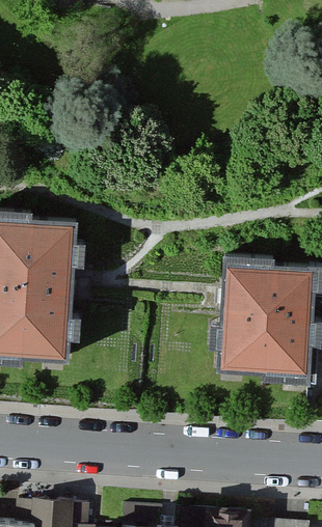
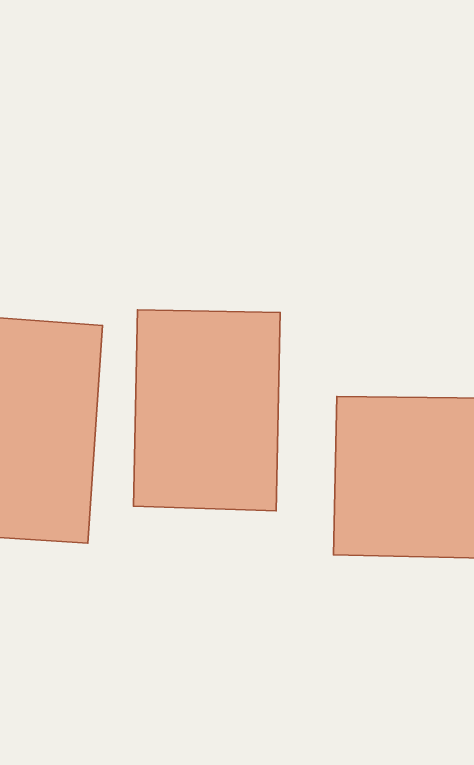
building: none -> [133,310,280,511]

